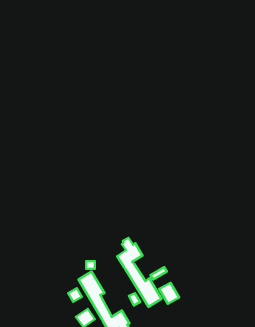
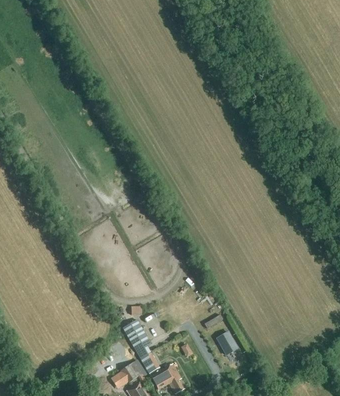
building: [117,238,162,307] -> none

